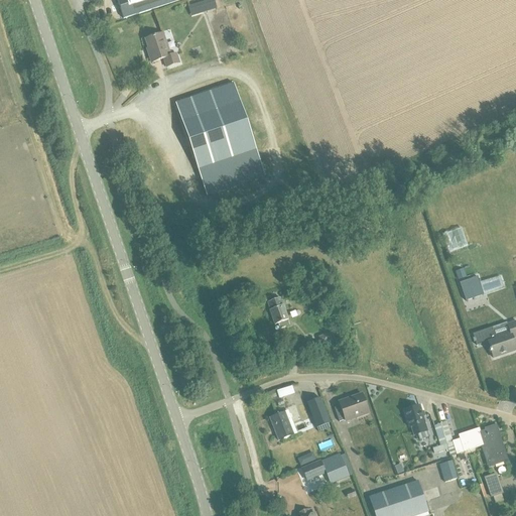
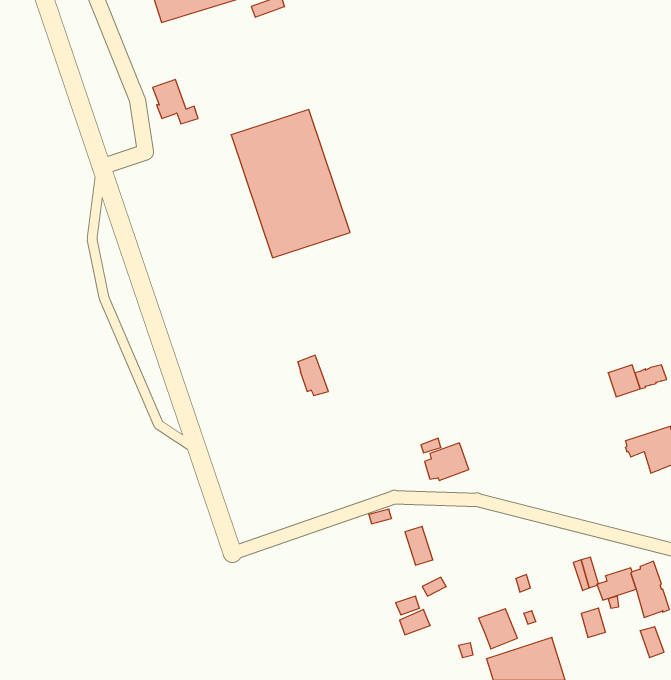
building: [146,32,180,66] -> [153,80,198,124]
building: [267,296,290,327] -> [298,355,328,395]
building: [336,392,369,420] -> [425,443,469,480]
building: [404,405,426,433] -> none
building: [270,410,295,439] -> none
building: [321,453,351,483] -> [479,609,517,649]

